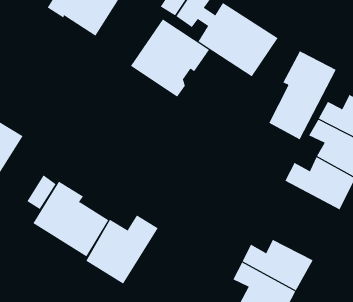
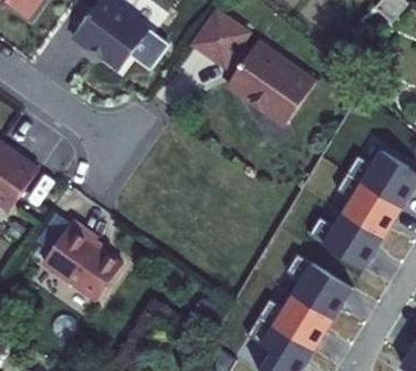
building: [130,19,210,97] -> none
building: [268,50,337,140] -> none
building: none -> [287,255,352,320]
building: [85,215,159,285] -> none

